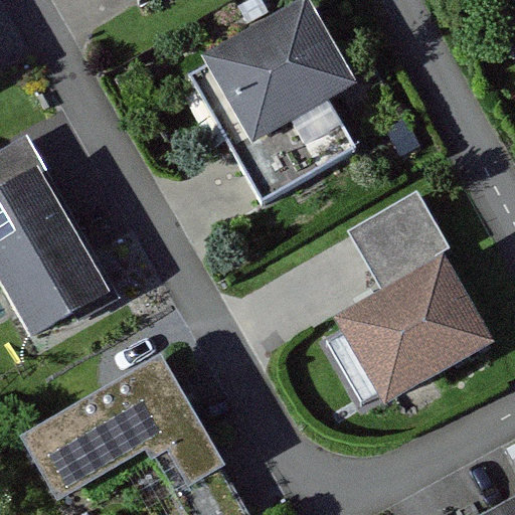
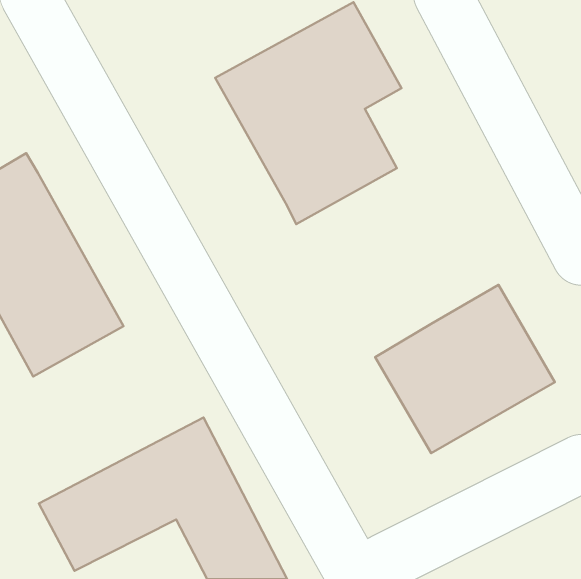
building: [347,191,446,285] -> none

